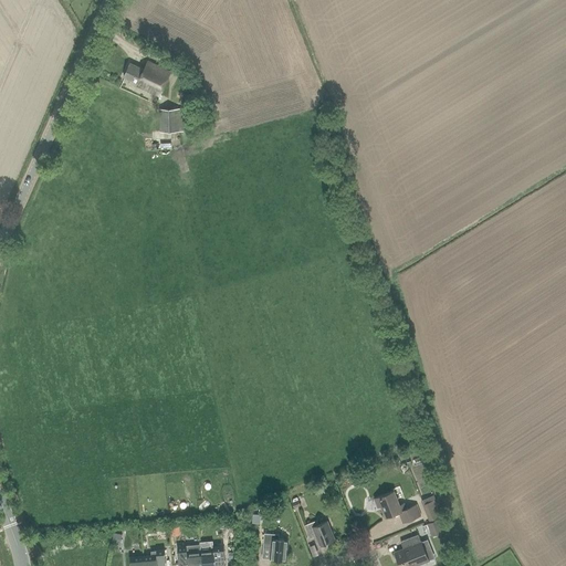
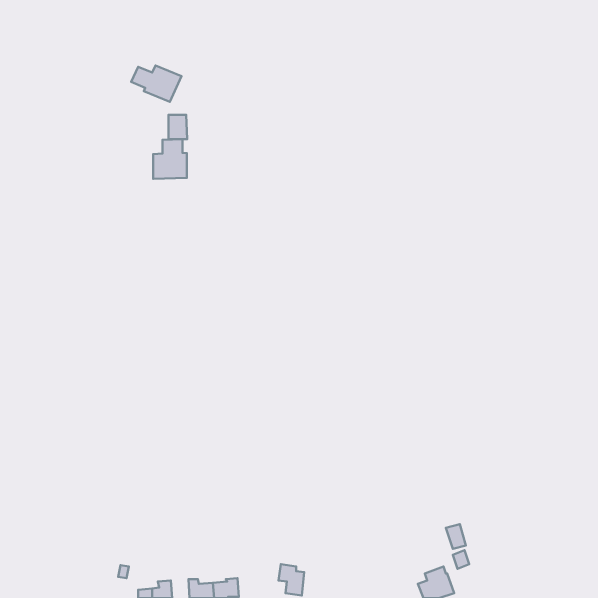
building: none -> [153,139,187,179]
building: [373,492,420,523] -> none
building: [303,522,334,547] -> none

